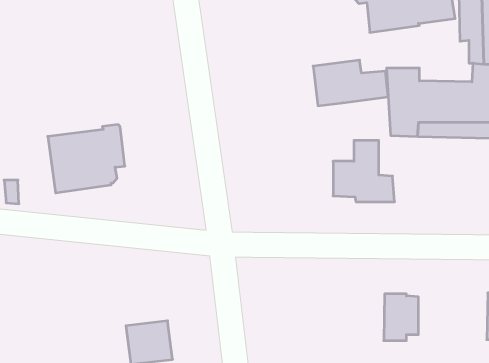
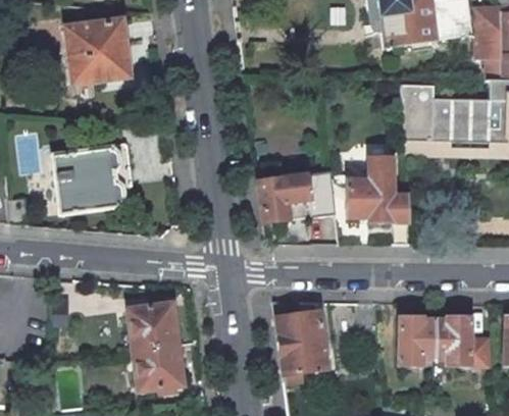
building: none -> [66,19,129,83]
building: [313,60,388,106] -> [258,174,336,221]
building: none -> [273,300,332,373]
building: none -> [129,303,176,349]
building: none -> [435,316,489,365]

